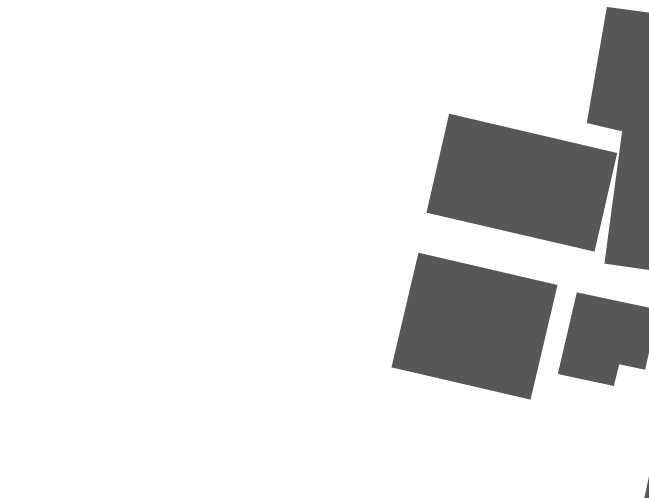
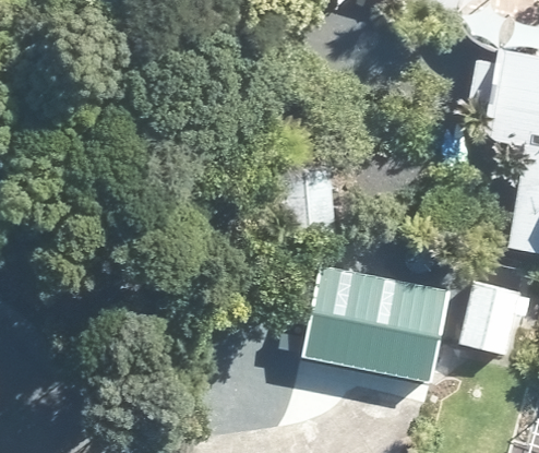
building: [426,113,618,253] -> none

